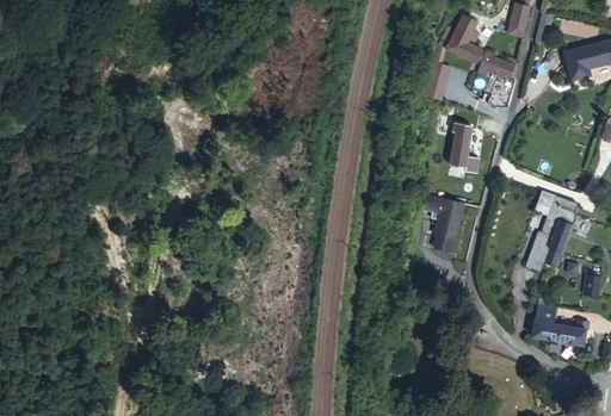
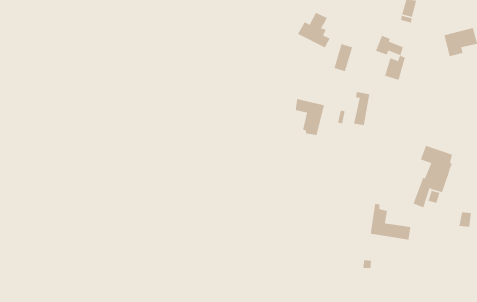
building: [439,15,482,62] -> [297,12,331,48]
building: [425,194,463,242] -> [295,98,325,136]
building: [532,298,585,346] -> [370,203,411,241]

